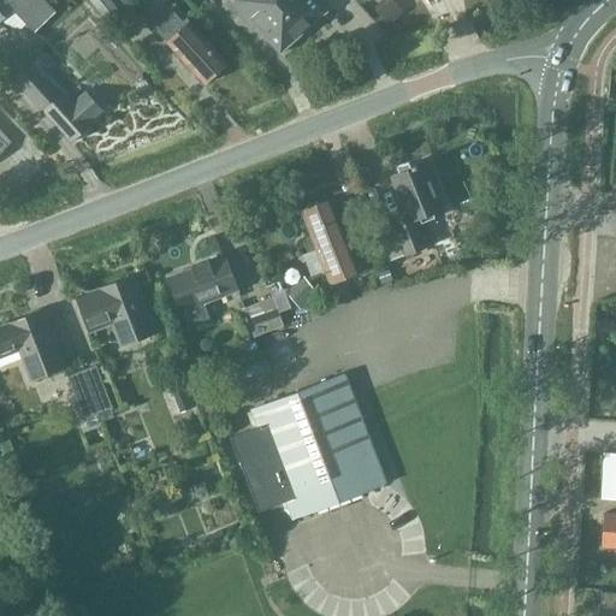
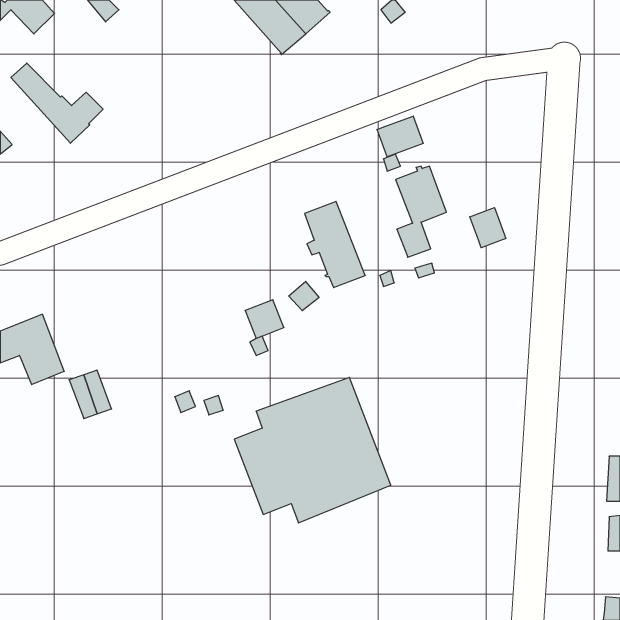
building: [152,8,226,84] -> none
building: none -> [377,116,423,157]
building: none -> [470,208,506,248]
building: [168,256,237,324] -> none
building: [73,276,154,344] -> none

